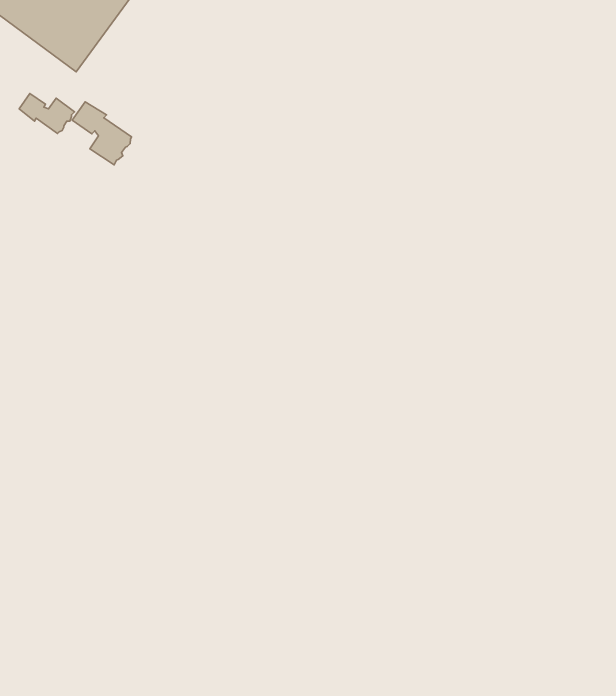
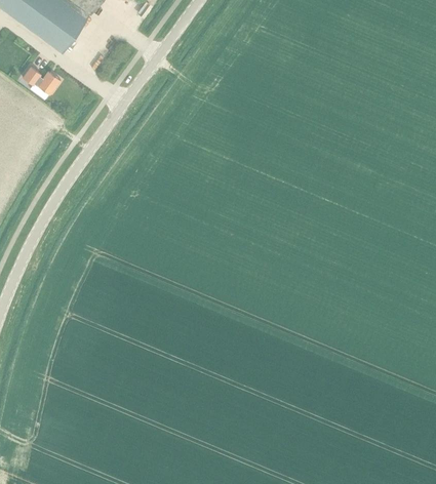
building: [72,102,132,165] -> none

